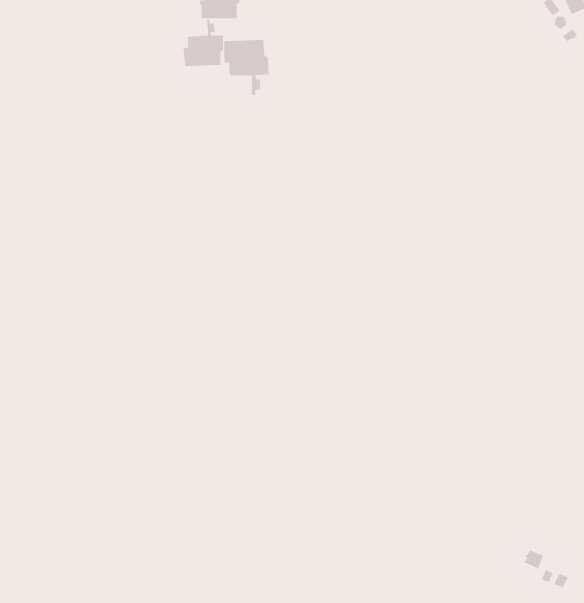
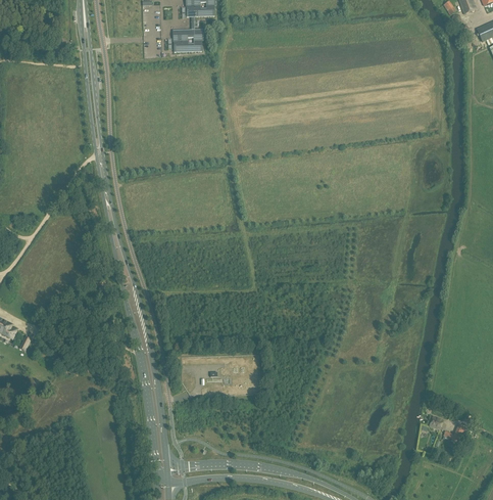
building: [224,39,269,96] -> none

